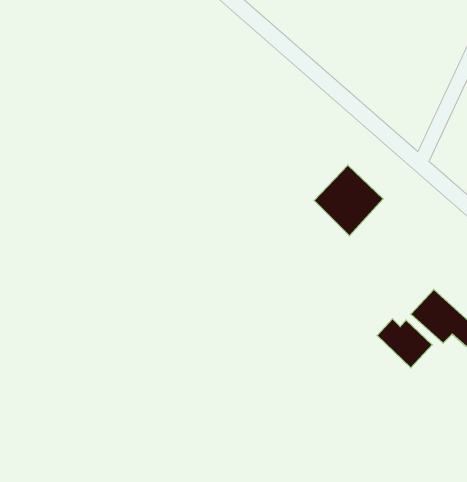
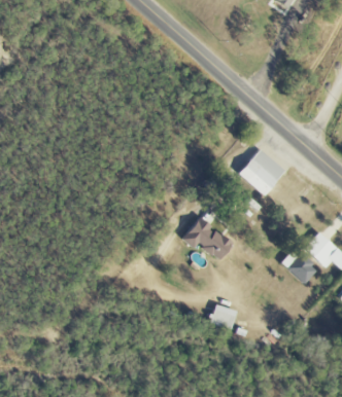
building: none -> [182,217,233,260]
building: none -> [210,304,236,329]

